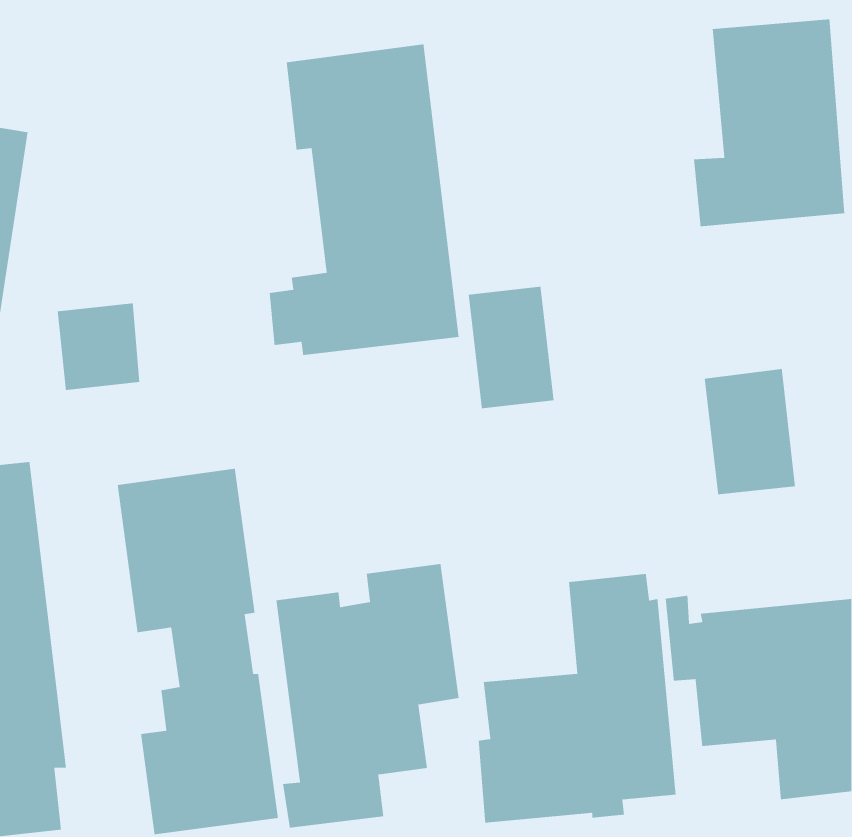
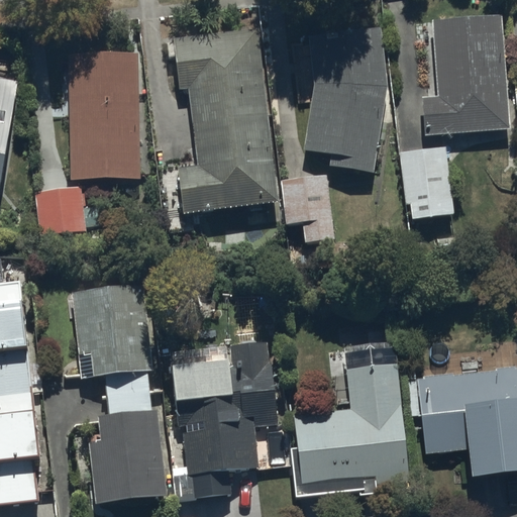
building: none -> [302,24,388,173]
building: none -> [67,49,140,181]
building: [704,368,796,495] -> [401,144,456,221]

